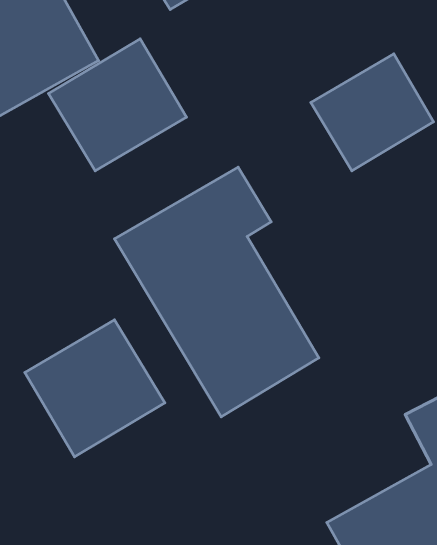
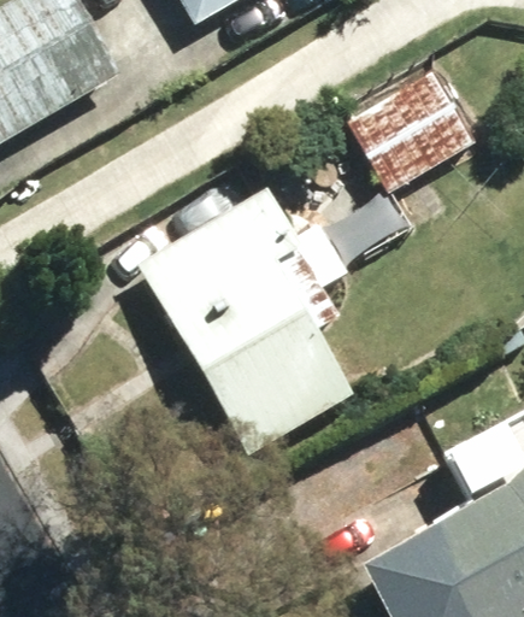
building: [48,39,186,171] -> none
building: [25,320,165,457] -> none

